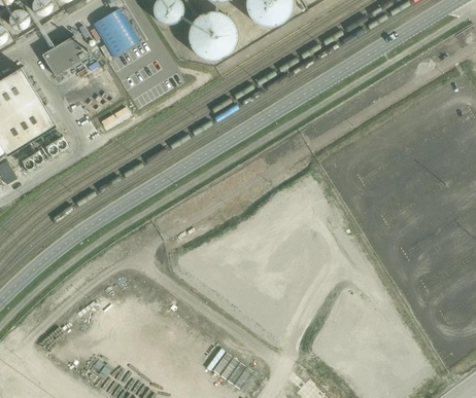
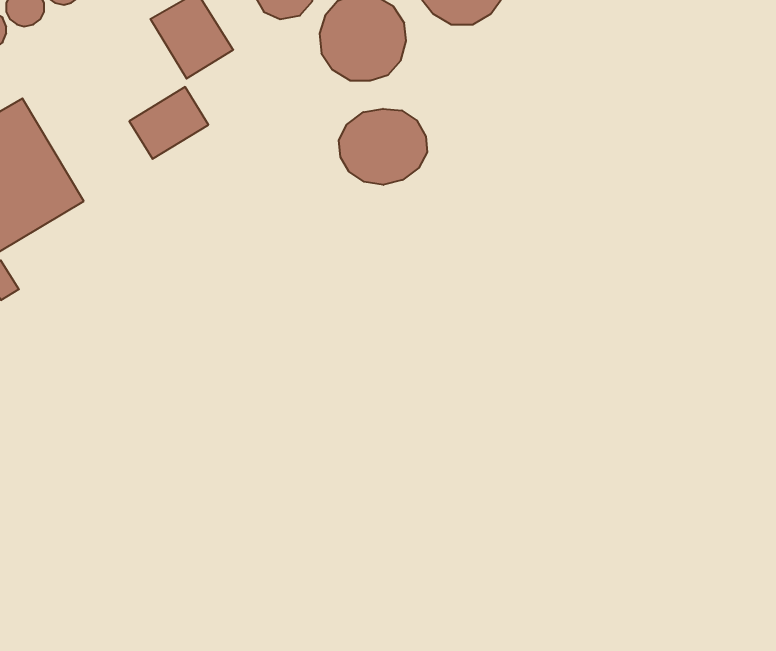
building: [41,35,87,76] -> [129,87,208,159]
building: none -> [339,109,427,185]

